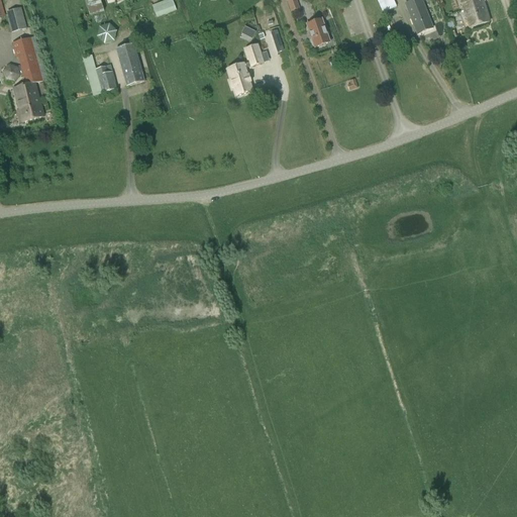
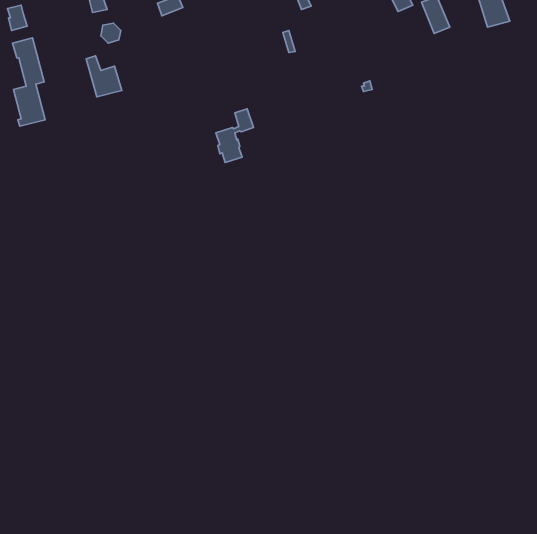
building: [306,17,329,45] -> none
building: [116,41,144,84] -> none
building: [227,42,264,94] -> [216,109,254,162]

